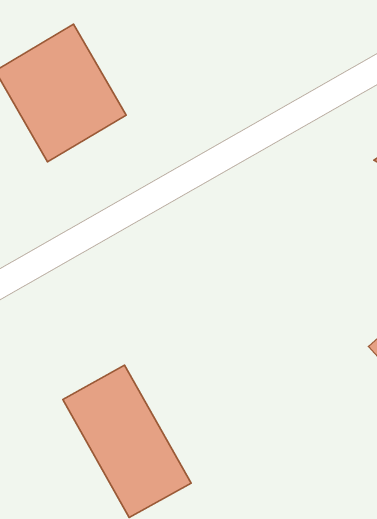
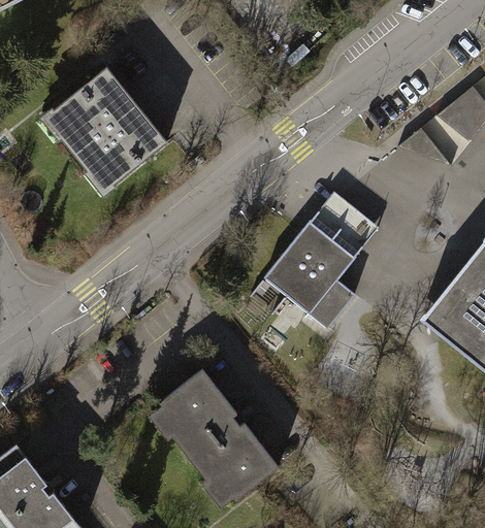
building: none -> [265,191,381,328]

